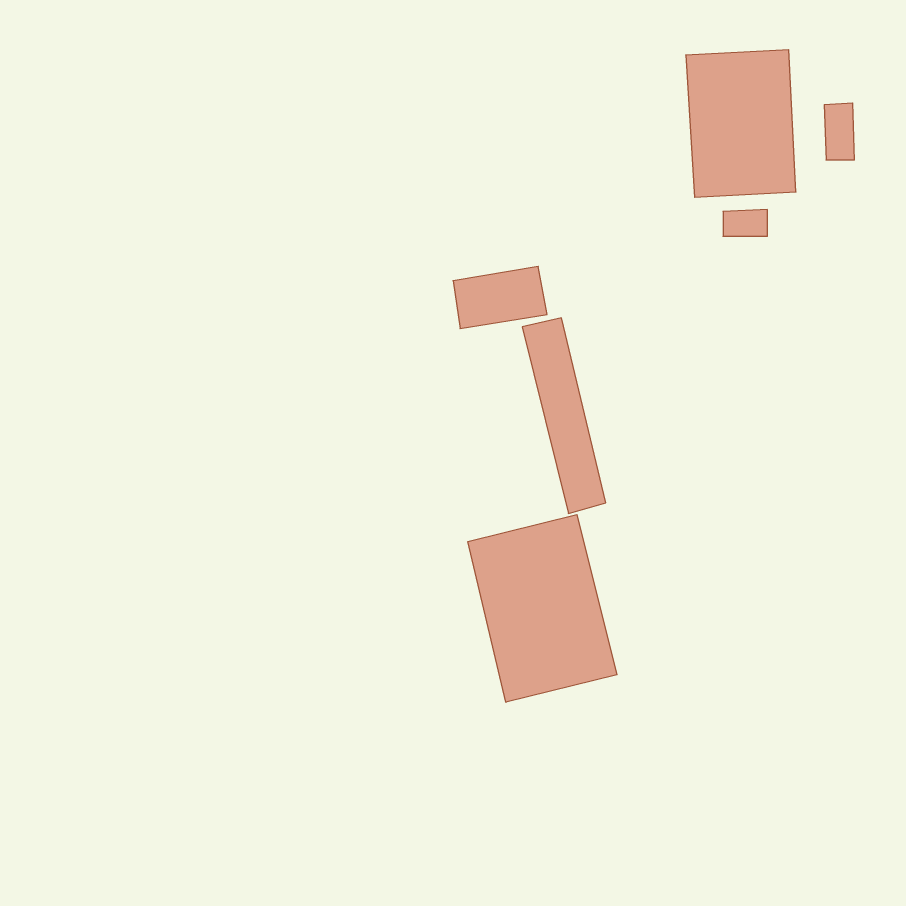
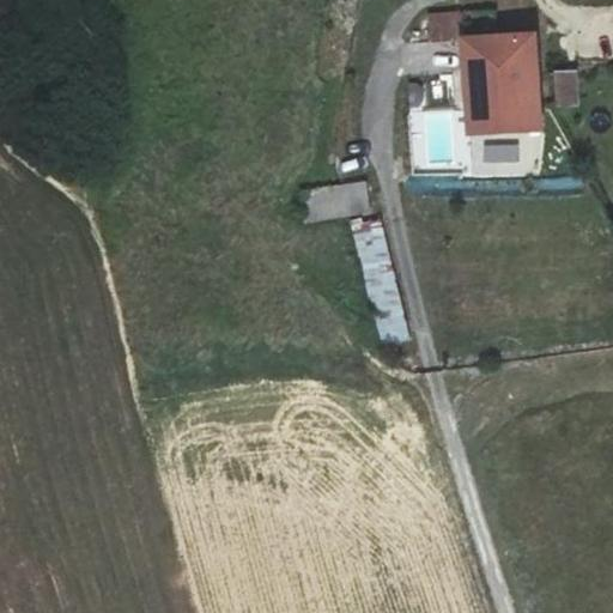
building: [468,515,617,702] -> none

